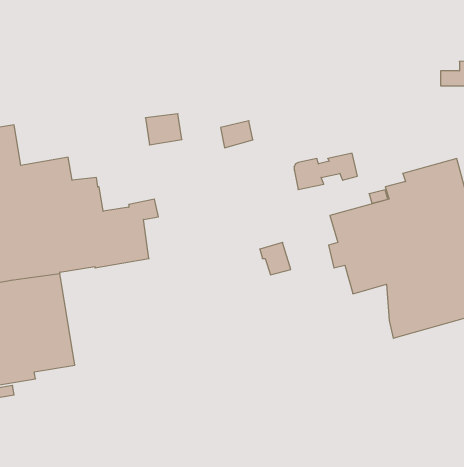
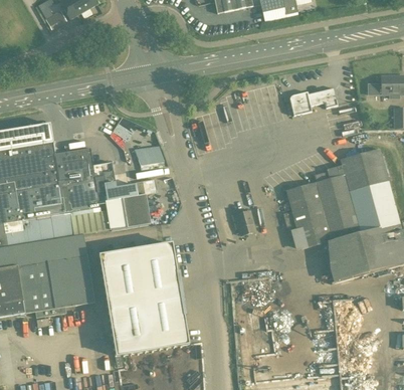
building: [145,114,182,145] -> [136,144,163,167]
building: [294,153,357,190] -> [289,87,337,115]
building: none -> [100,241,190,354]

